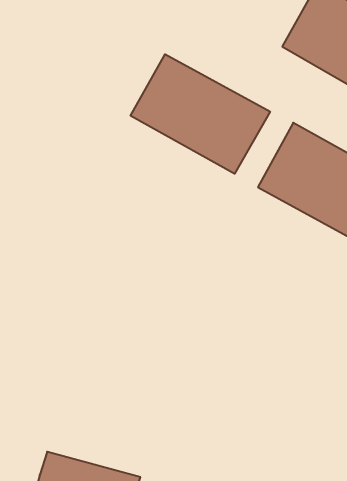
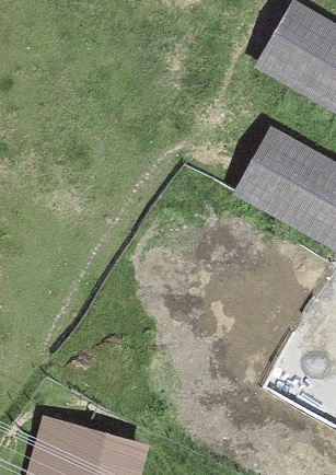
building: [131,54,270,174] -> none

